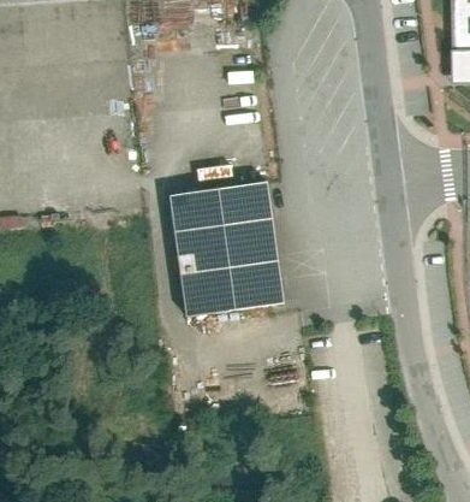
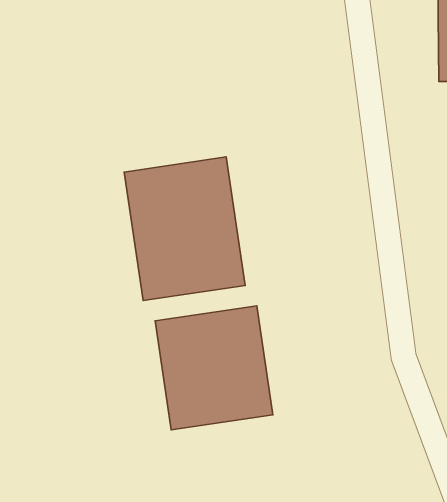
building: none -> [155,306,273,430]

